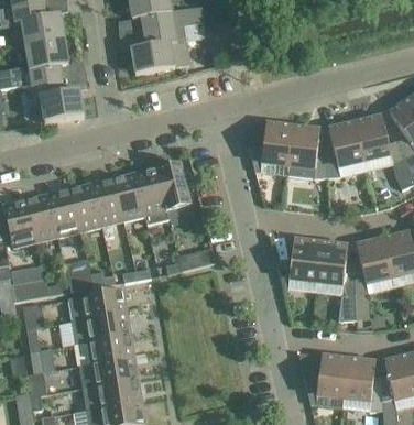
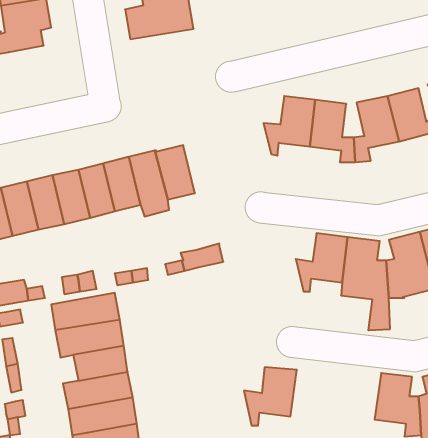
building: [32,78,84,122] -> none
building: [304,355,349,404] -> [244,367,297,426]

